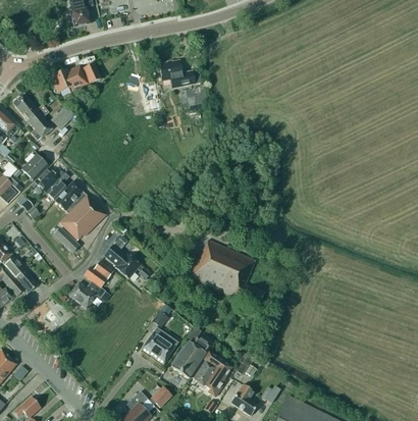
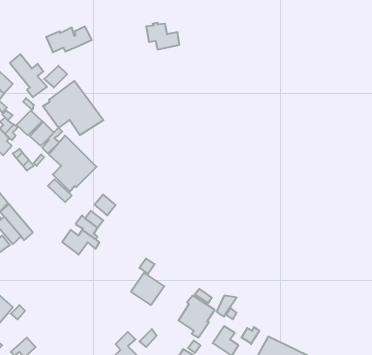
building: [178,86,206,107] -> none
building: none -> [43,81,103,135]
building: [189,240,263,305] -> none
building: [114,254,149,278] -> none
building: [170,336,210,379] -> none

